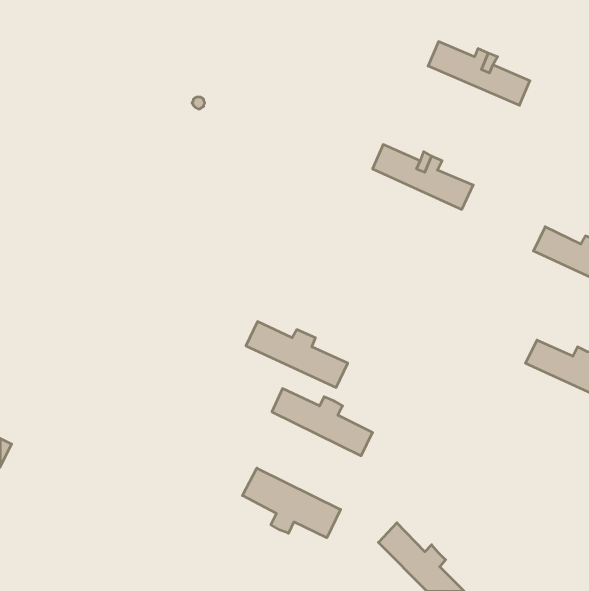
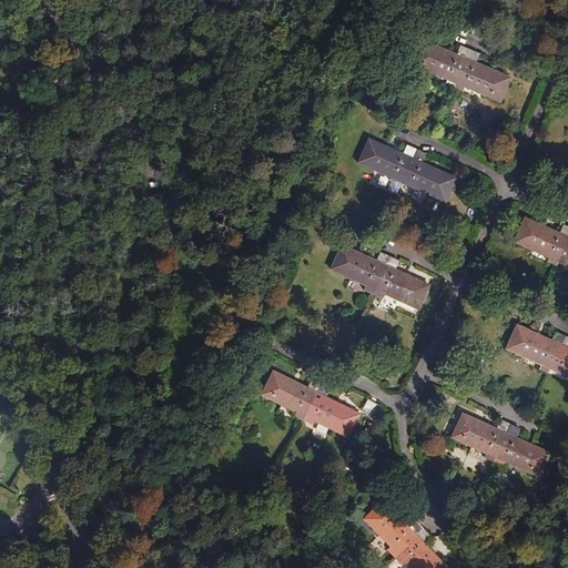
building: [246,322,348,387] -> [332,245,429,308]
building: none -> [452,415,550,477]
building: [242,468,341,538] -> none

